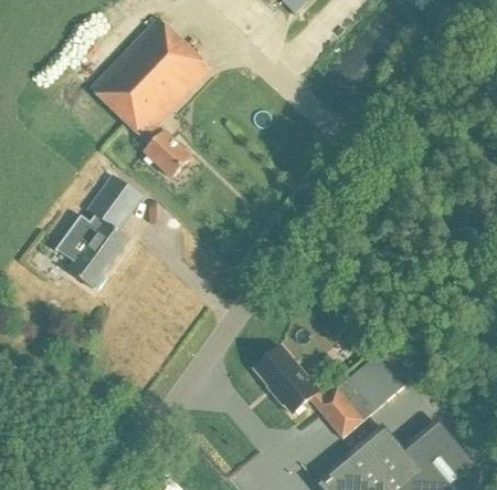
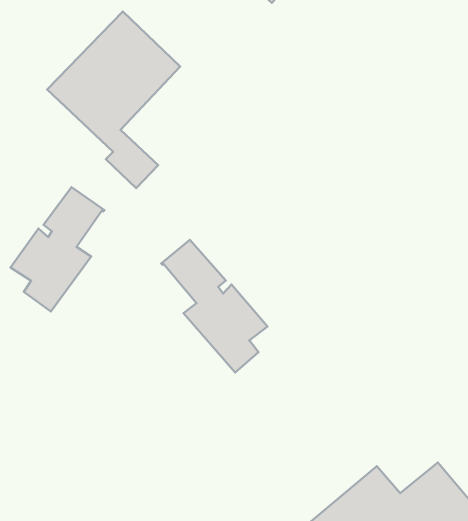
building: none -> [161,240,267,372]
building: [254,345,408,438] -> none

